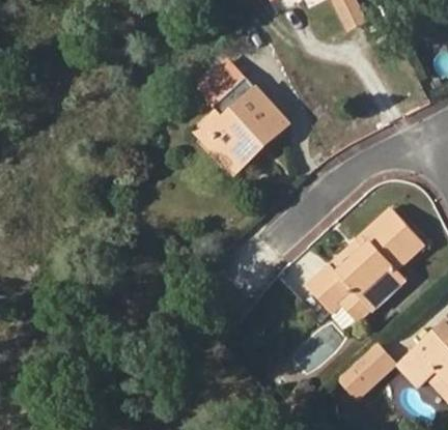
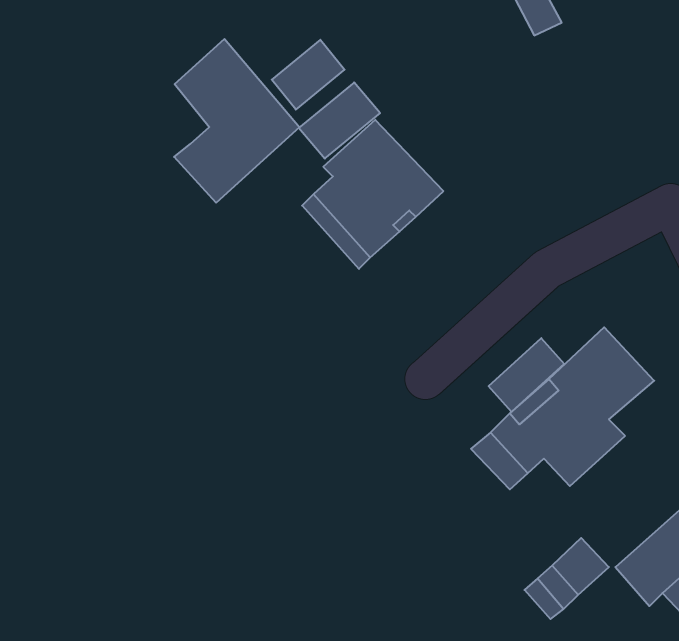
building: none -> [174,39,299,203]
building: none -> [272,40,345,110]
building: none -> [489,338,564,412]

